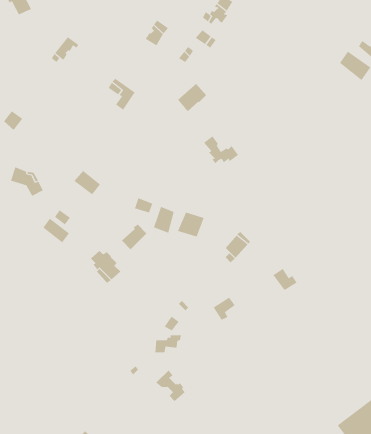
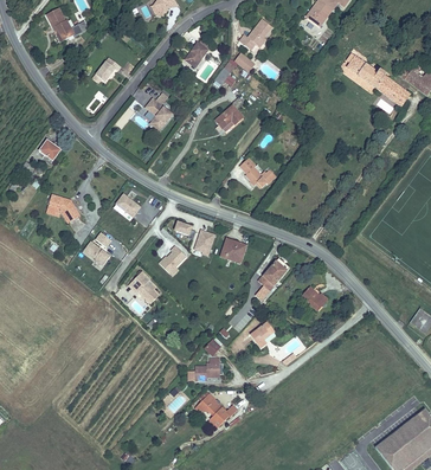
building: none -> [348,54,387,88]

